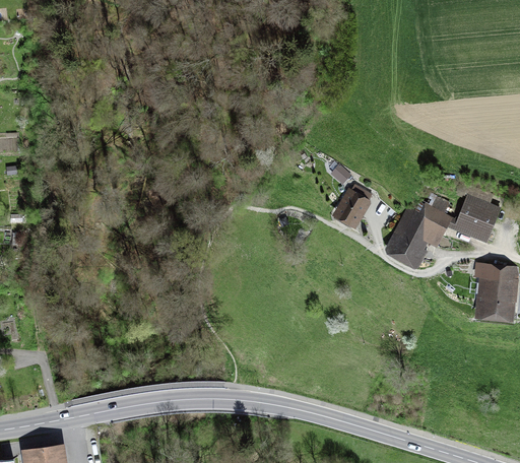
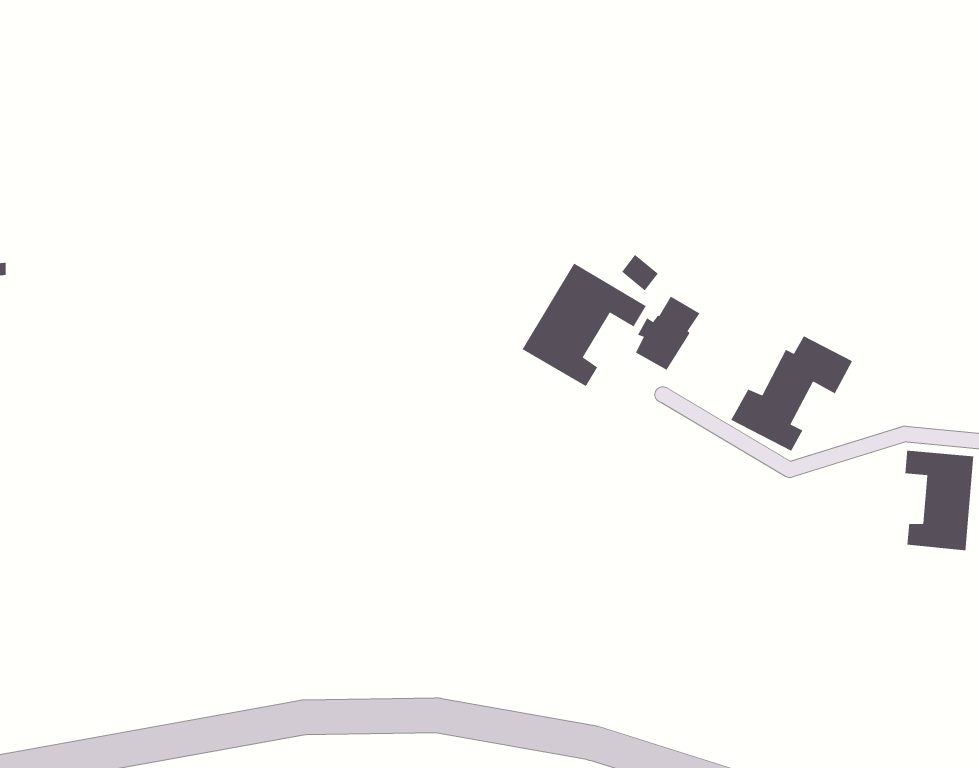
building: none -> [521,262,647,387]
building: [454,197,499,241] -> none

